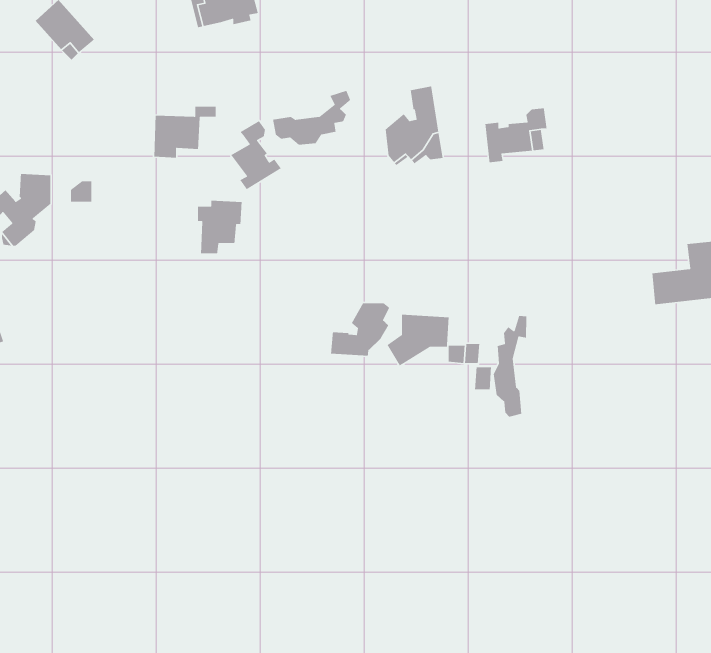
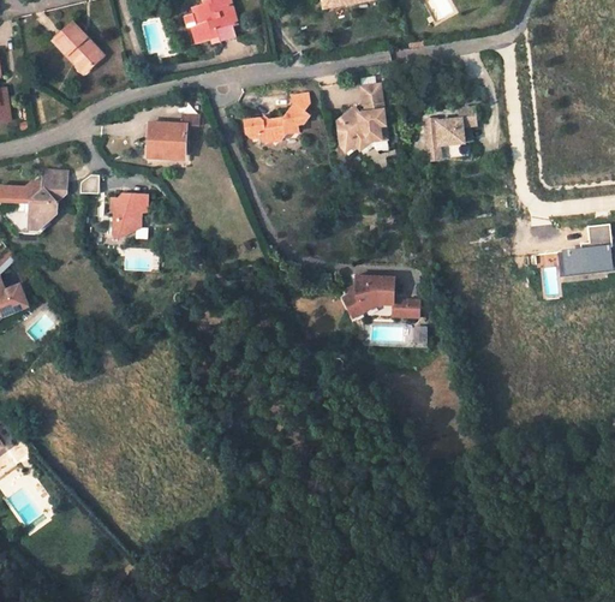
building: [230,120,282,190] -> none
building: [197,200,243,254] -> [112,187,149,232]
building: [330,302,390,357] -> none
building: [493,315,527,417] -> none

